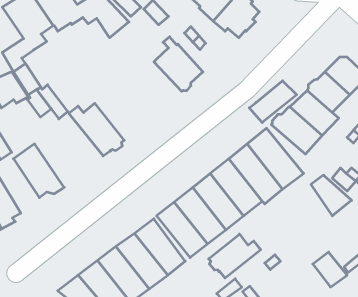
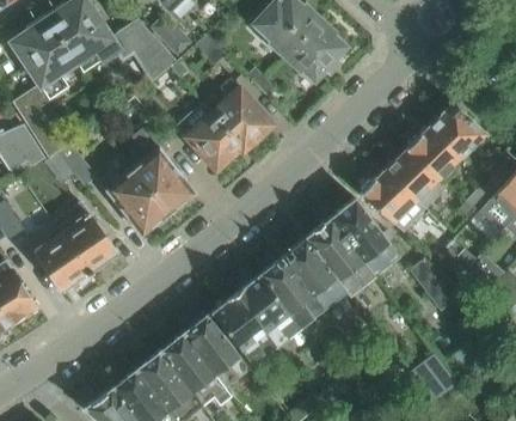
building: none -> [178,102,242,172]
building: none -> [130,126,192,214]
building: [249,81,297,123] -> none
building: none -> [57,200,113,274]
building: [209,234,261,278] -> none

